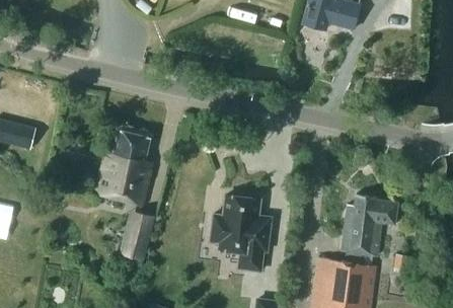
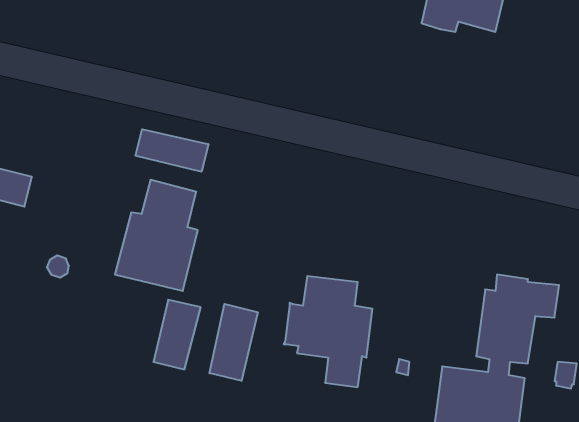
building: none -> [136,129,208,172]
building: none -> [209,304,258,381]

